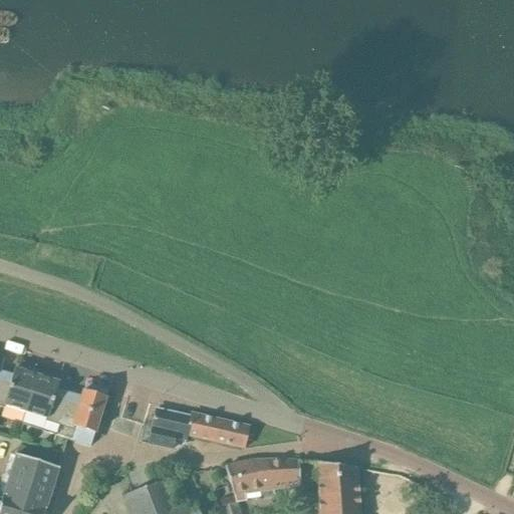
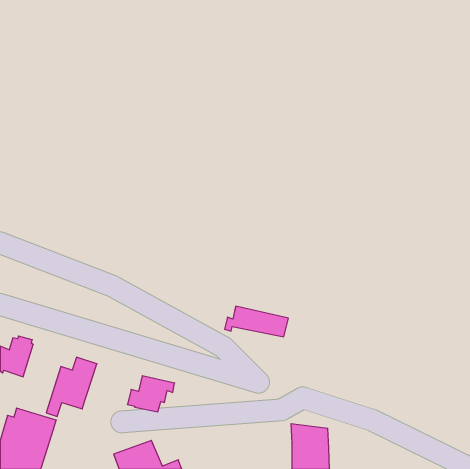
building: [27,371,68,449] -> none
building: [181,413,250,446] -> [225,306,288,337]
building: [227,459,302,499] -> none

